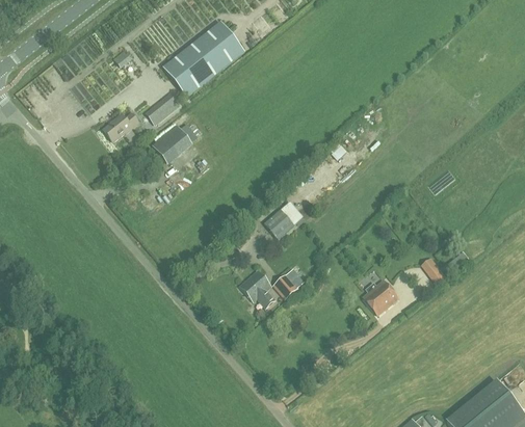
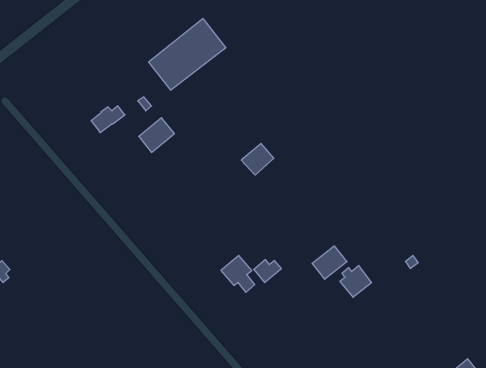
building: [263,206,297,239] -> [241,143,274,175]
building: none -> [312,246,347,279]

